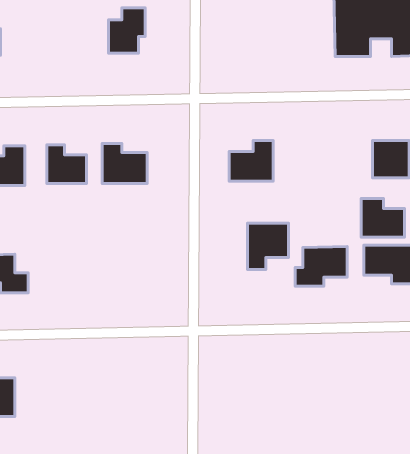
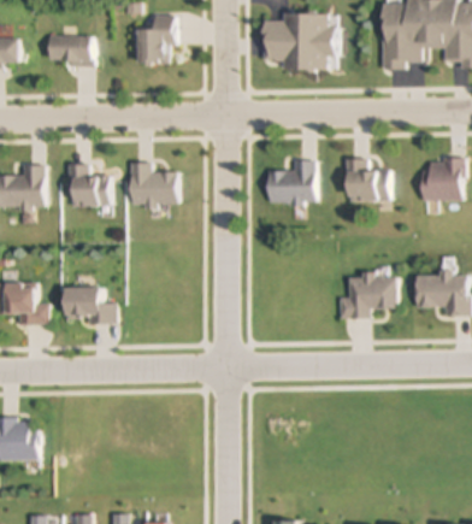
building: none -> [262,13,334,69]
building: none -> [47,35,93,65]
building: [361,199,404,237] -> [344,159,391,201]
building: [248,223,289,269] -> none
building: none -> [61,287,116,324]

